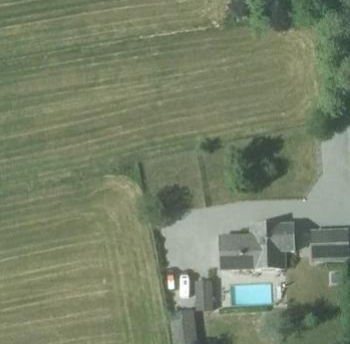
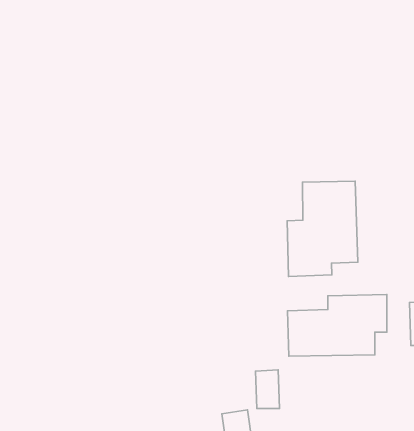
building: none -> [287,181,358,276]

